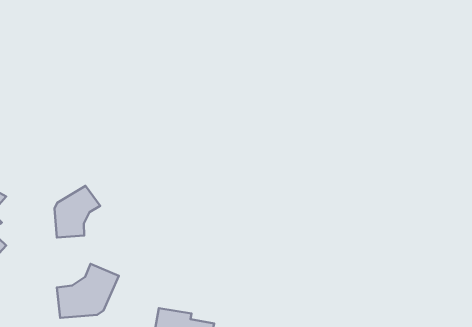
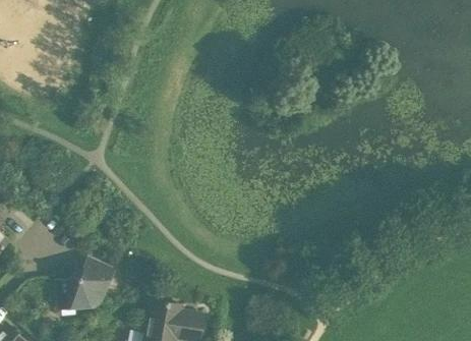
building: [54,186,100,237] -> none

